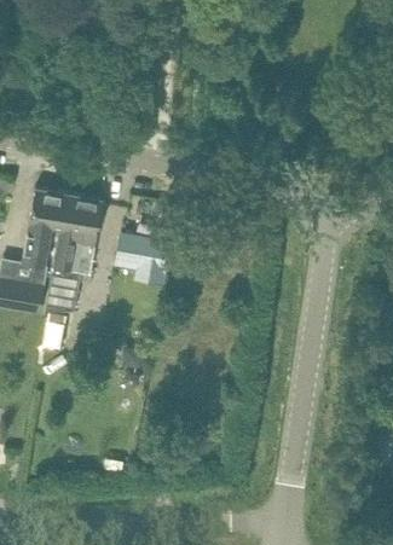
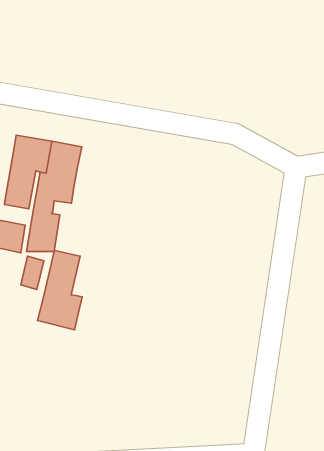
building: [115,234,172,285] -> none
building: none -> [38,250,82,330]

